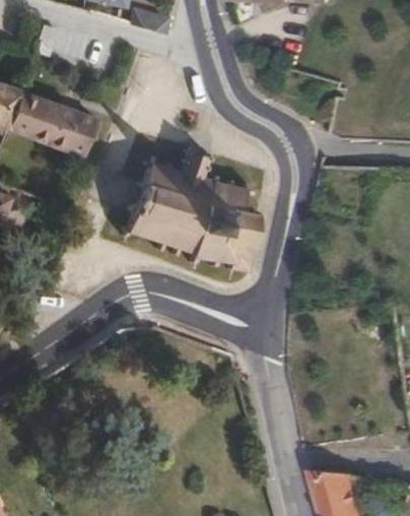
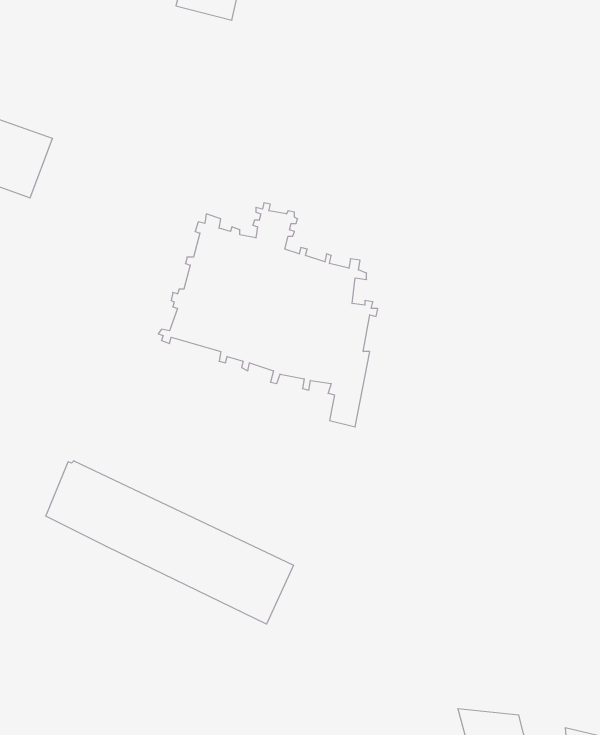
building: [39,105,109,163] -> none
building: none -> [46,461,293,624]

